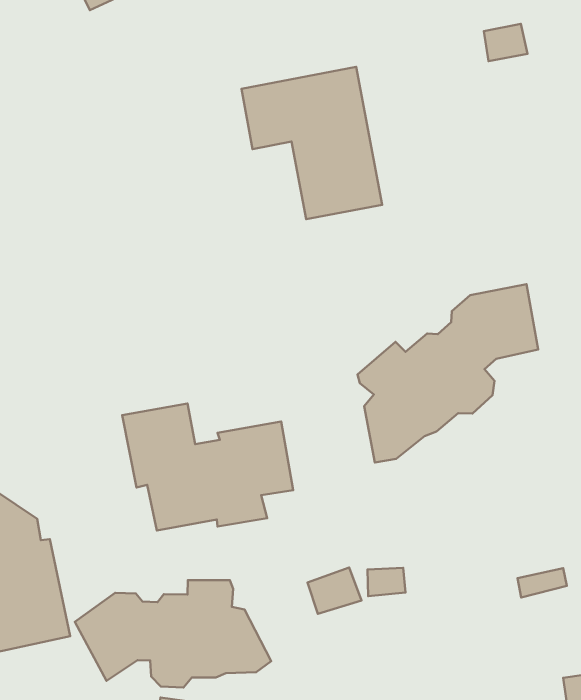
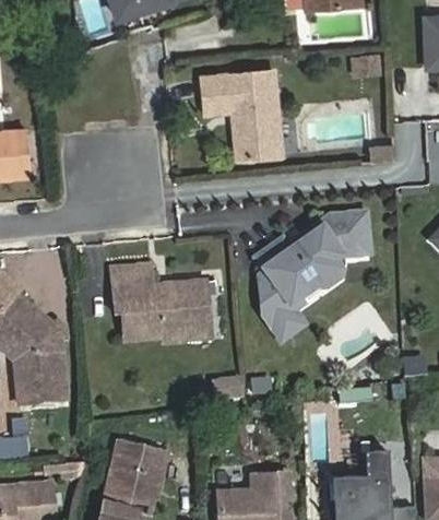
building: none -> [262,286,324,340]
building: [75,580,271,687] -> none

